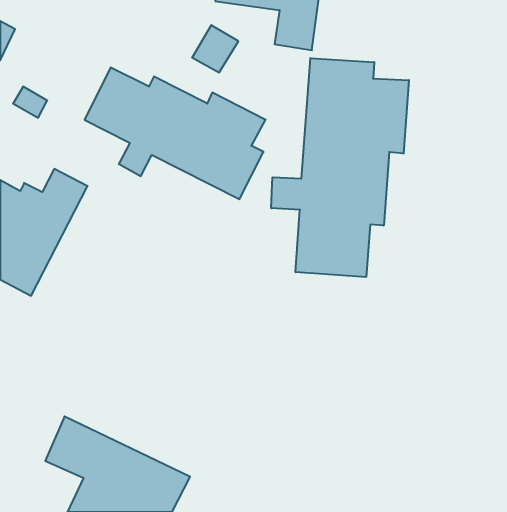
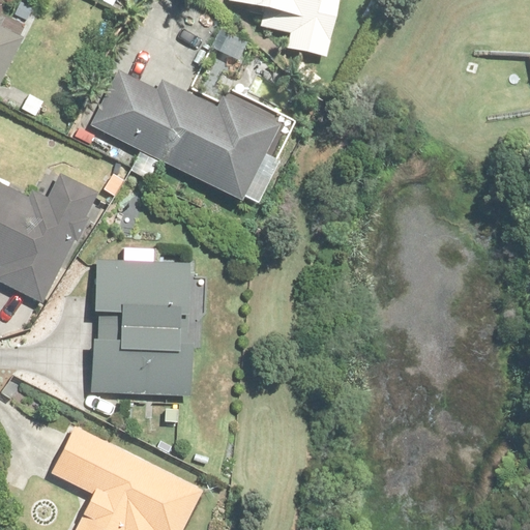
building: [271,58,409,277] -> none
building: none -> [90,257,192,396]

